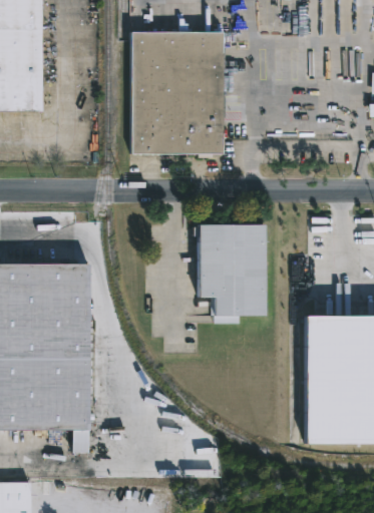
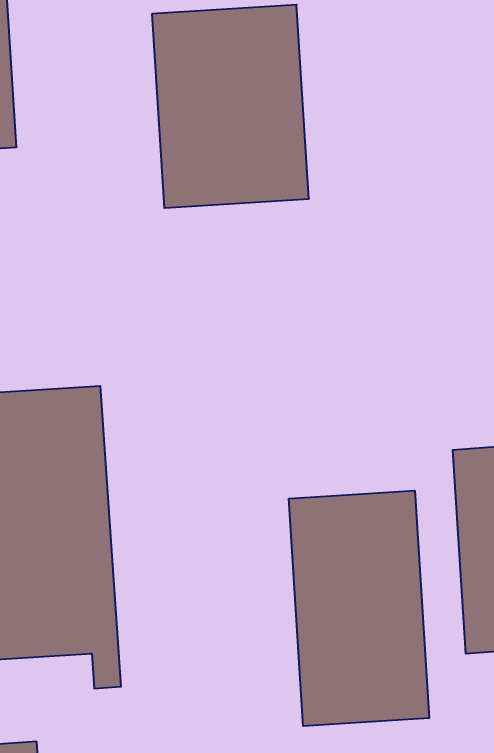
building: [199,224,268,317] -> none
building: none -> [289,491,429,726]

